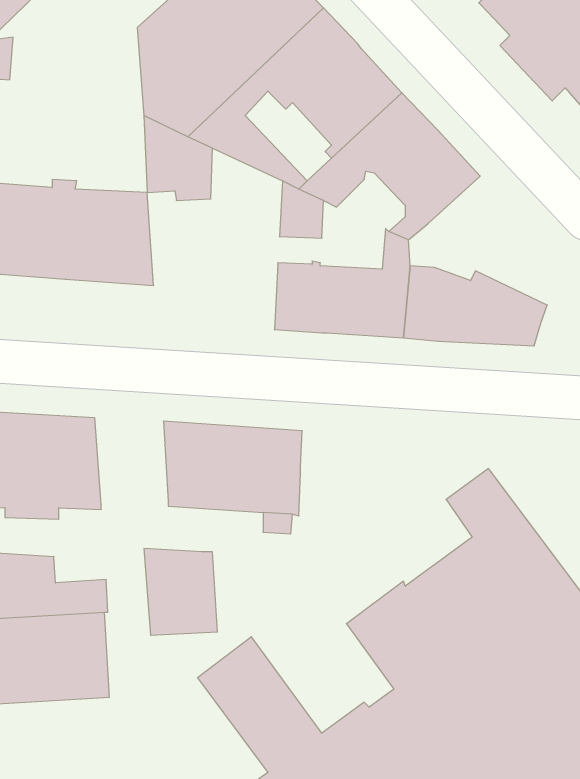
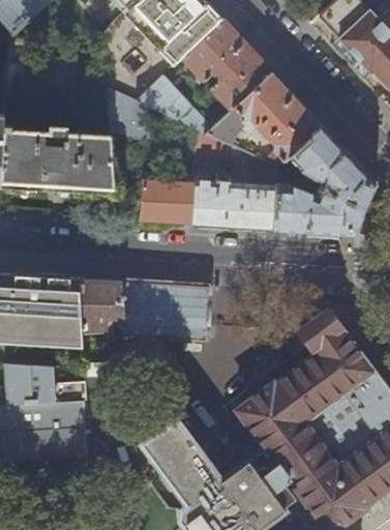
building: none -> [290,125,378,207]
building: none -> [141,174,194,223]
building: [144,549,217,635] -> [79,278,125,333]

